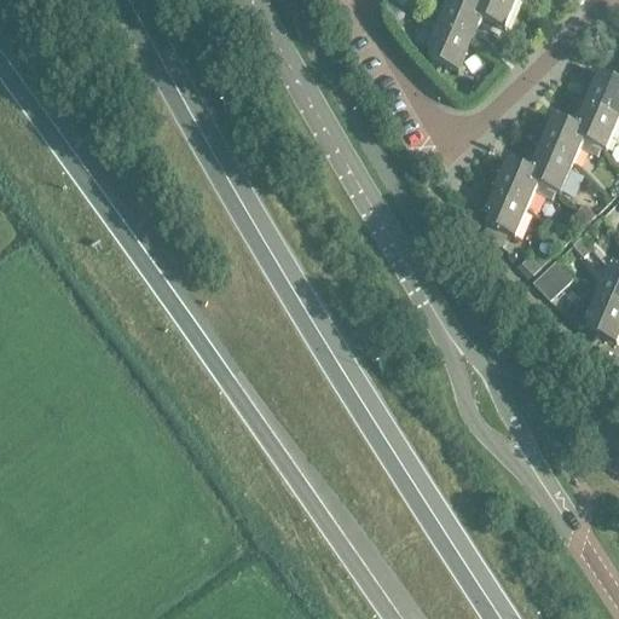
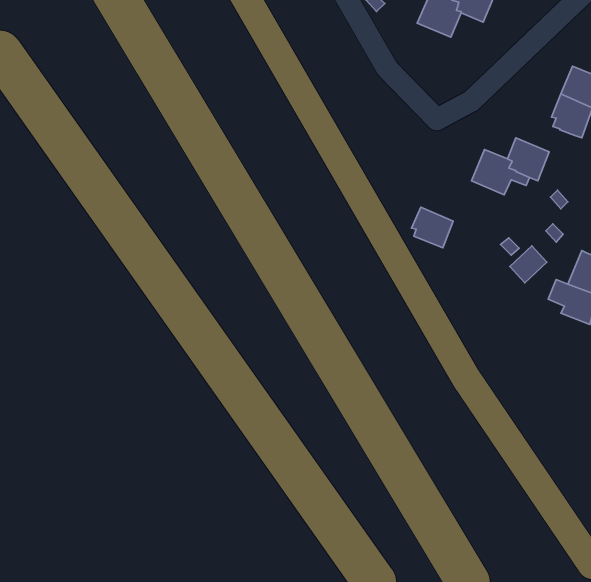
building: [427,24,472,68] -> none
building: [539,111,601,158] -> none
building: [484,189,527,231] -> [412,207,453,248]

